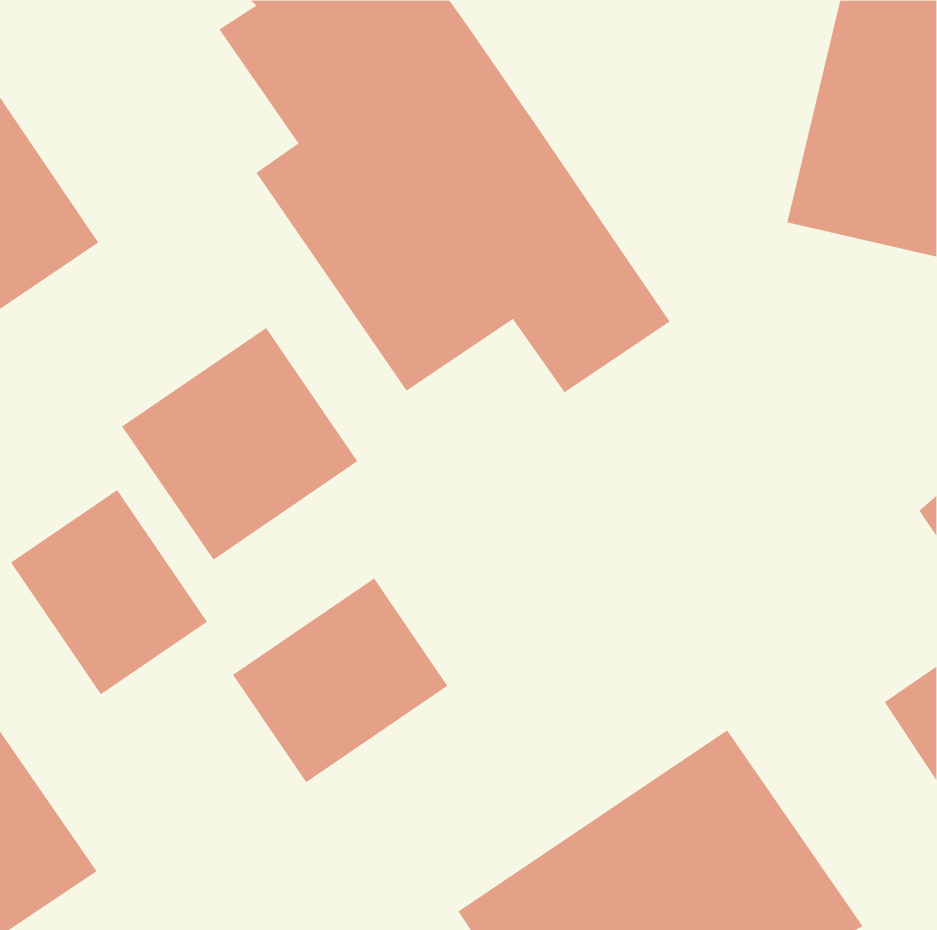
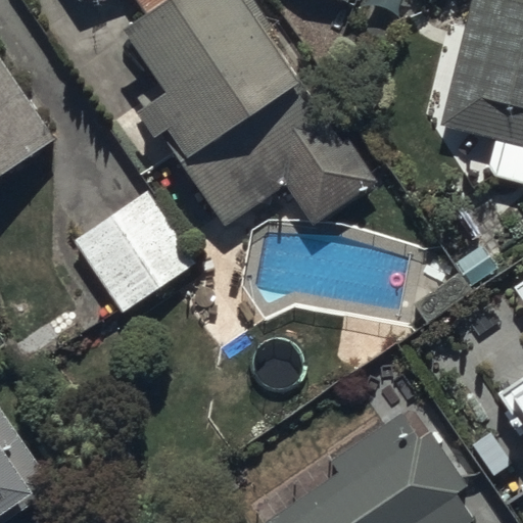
building: [10,489,208,695] -> none
building: [232,577,448,783] -> none

